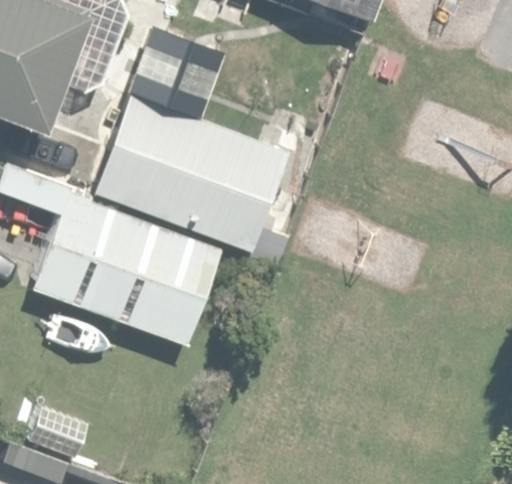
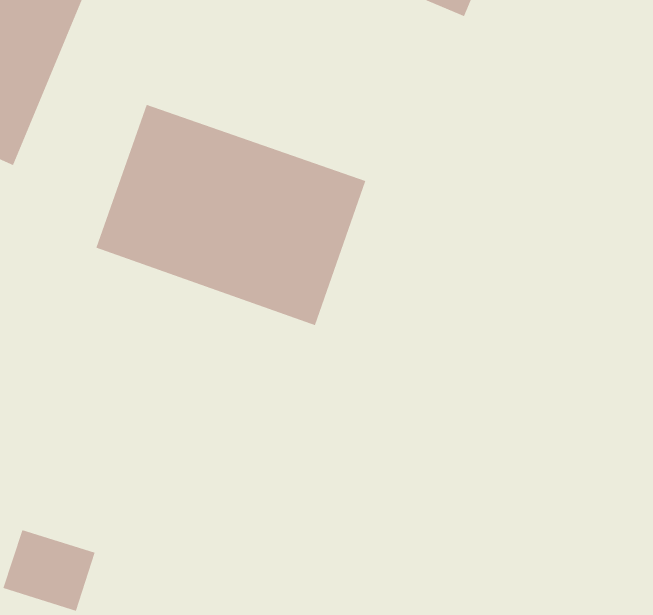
building: [35,219,212,346] -> none

